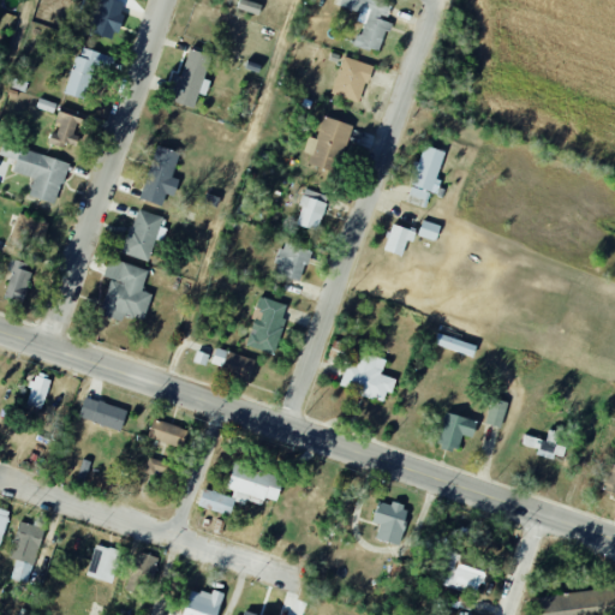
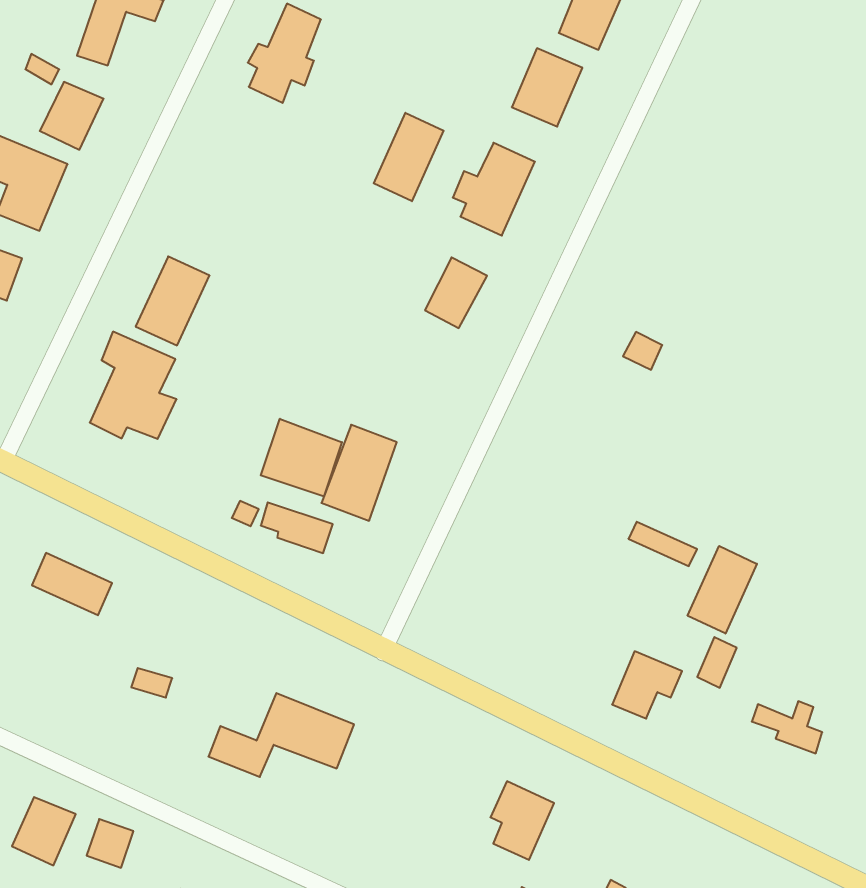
building: none -> [374,113,444,201]
building: [141,145,179,205] -> none
building: [406,145,444,201] -> none
building: [384,225,414,255] -> none
building: [273,243,310,281] -> none
building: none -> [261,419,342,497]
building: none -> [688,546,757,634]
building: [339,352,394,402] -> none
building: [148,420,187,447] -> none

